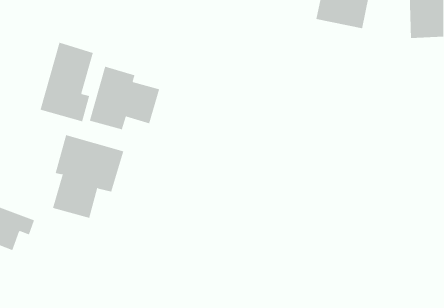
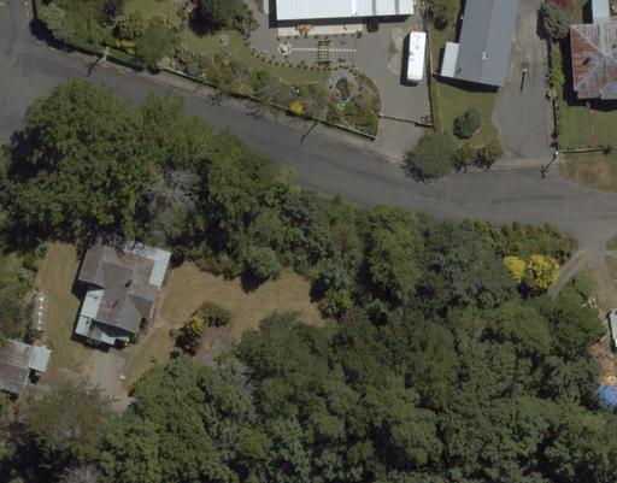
building: [40,42,93,122] -> none
building: [89,66,160,130] -> none

